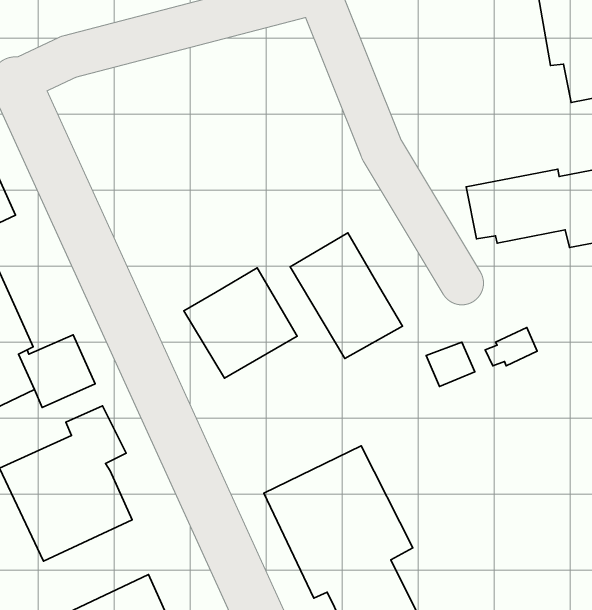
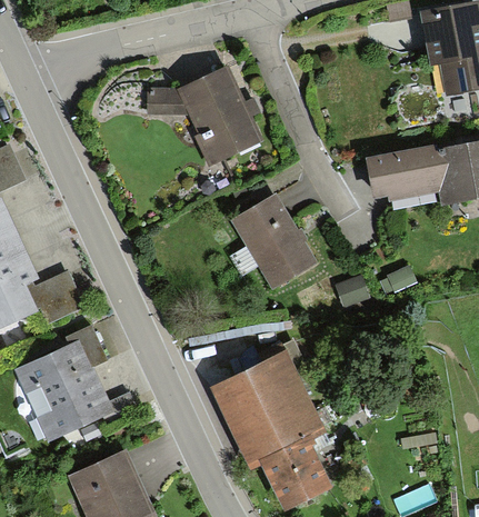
building: none -> [146,64,261,167]
building: [184,268,297,378] -> none

